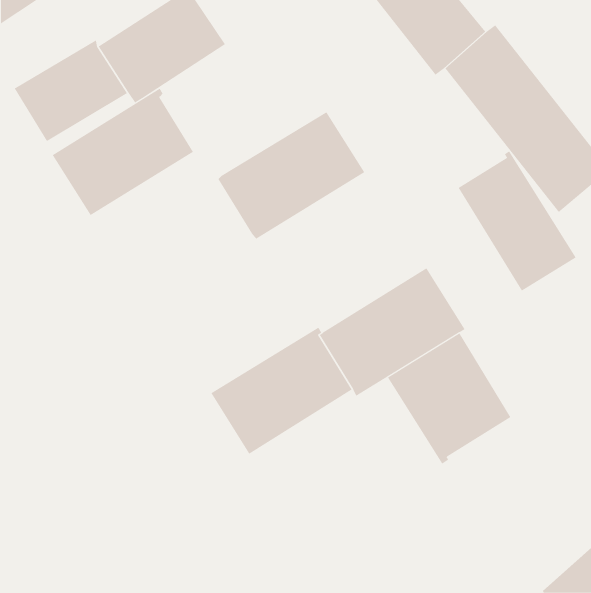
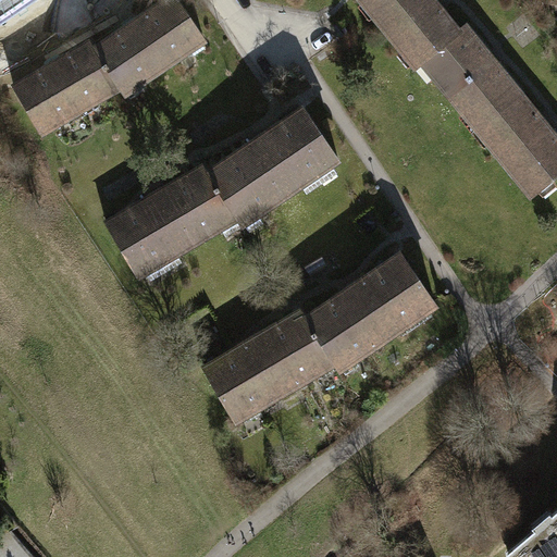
building: [52,88,194,216] -> [106,159,238,278]
building: [458,151,576,292] -> none
building: [387,333,511,465] -> none

